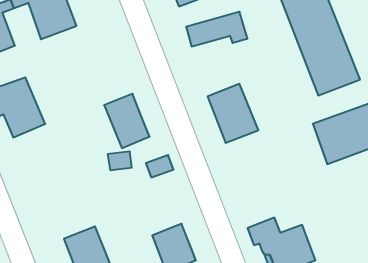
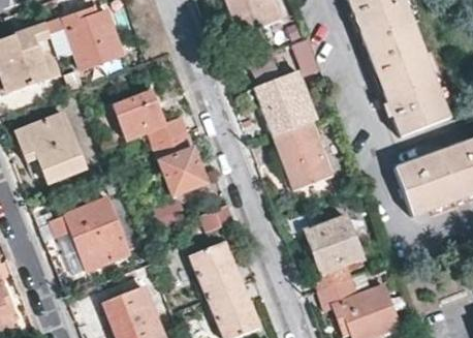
building: none -> [254,70,315,135]
building: none -> [113,90,186,146]
building: none -> [51,196,129,271]
building: none -> [305,216,362,288]
building: none -> [191,241,243,297]

